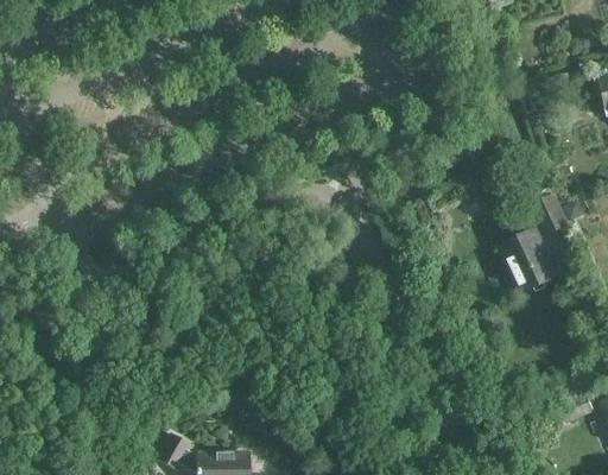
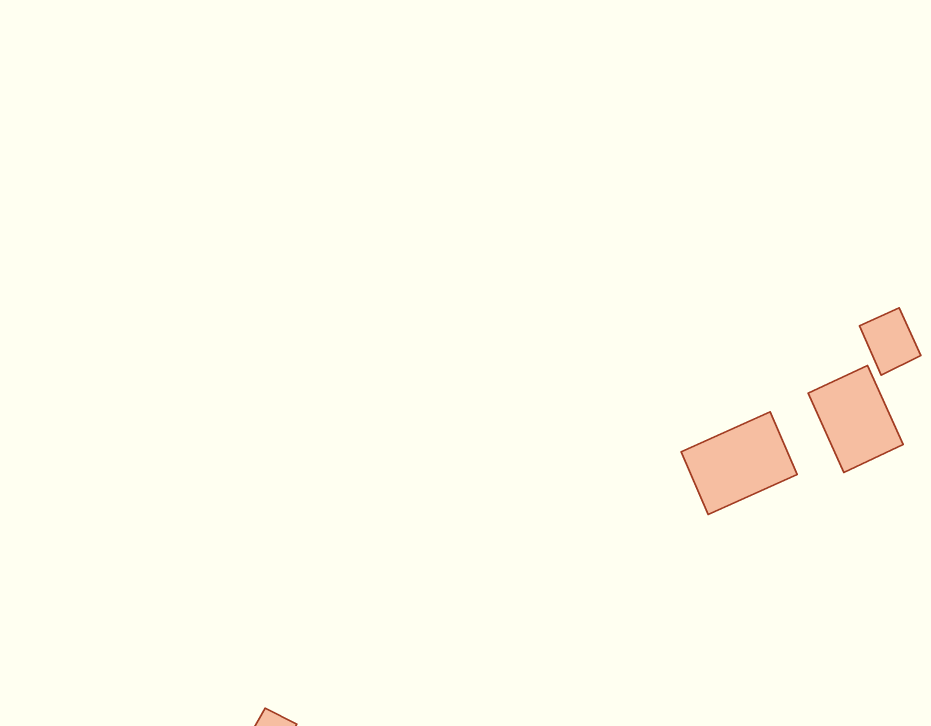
building: none -> [681,412,797,515]

